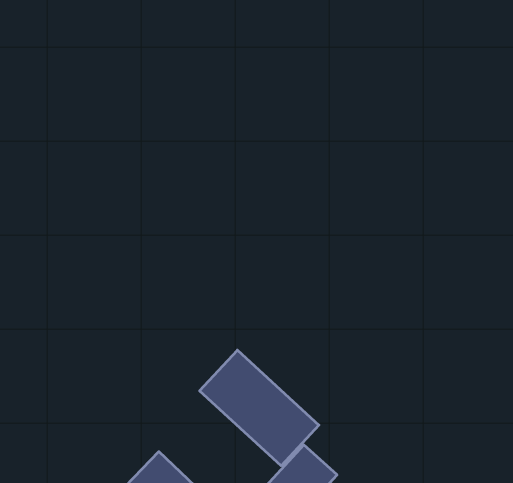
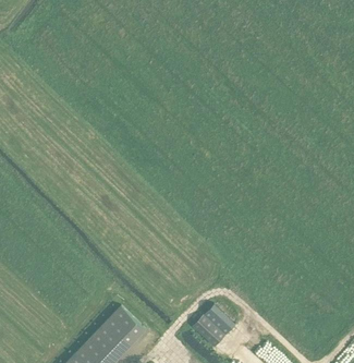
building: [200,350,319,466] -> none

